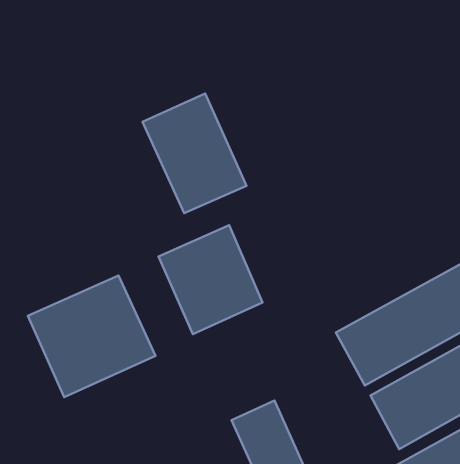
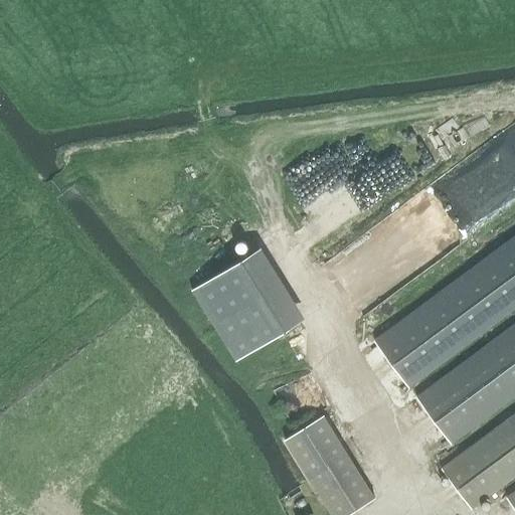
building: [143,93,246,213] -> none
building: [28,276,156,397] -> none

